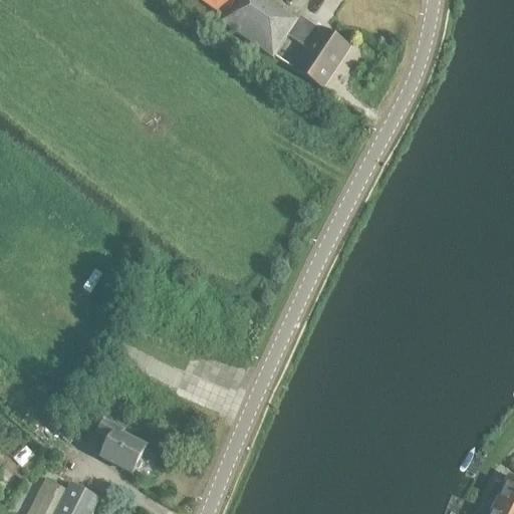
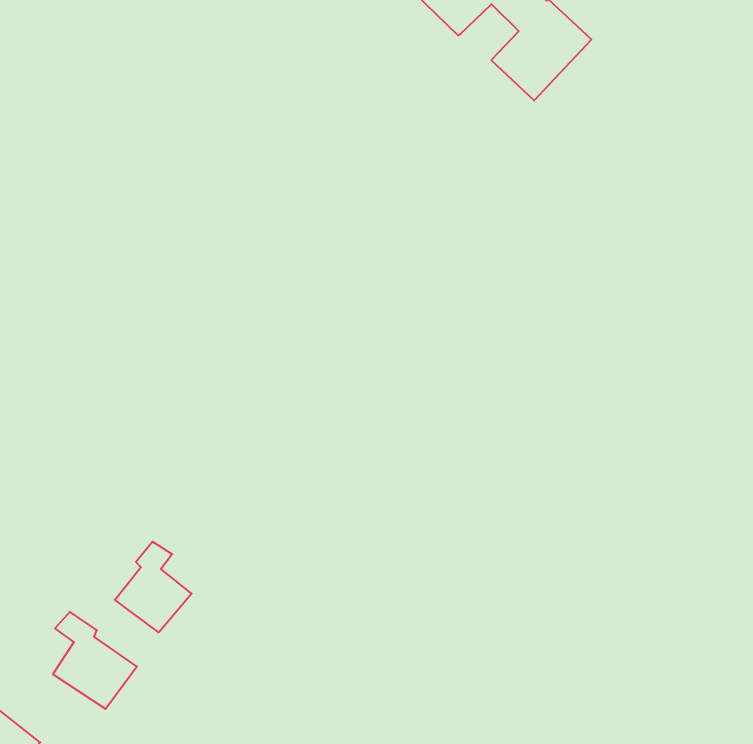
building: none -> [115,542,192,632]

